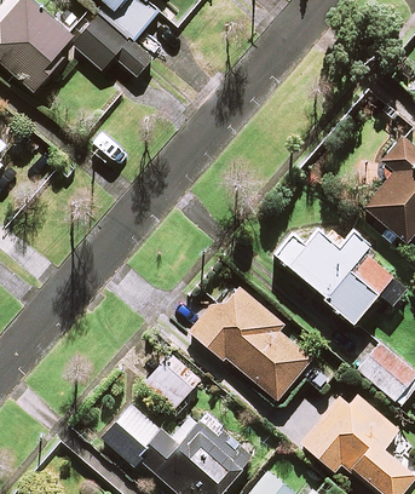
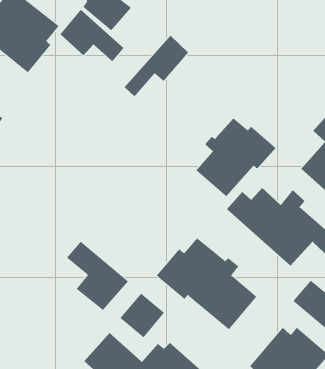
building: none -> [124,35,189,97]
building: none -> [196,117,276,197]
building: none -> [66,241,129,311]

